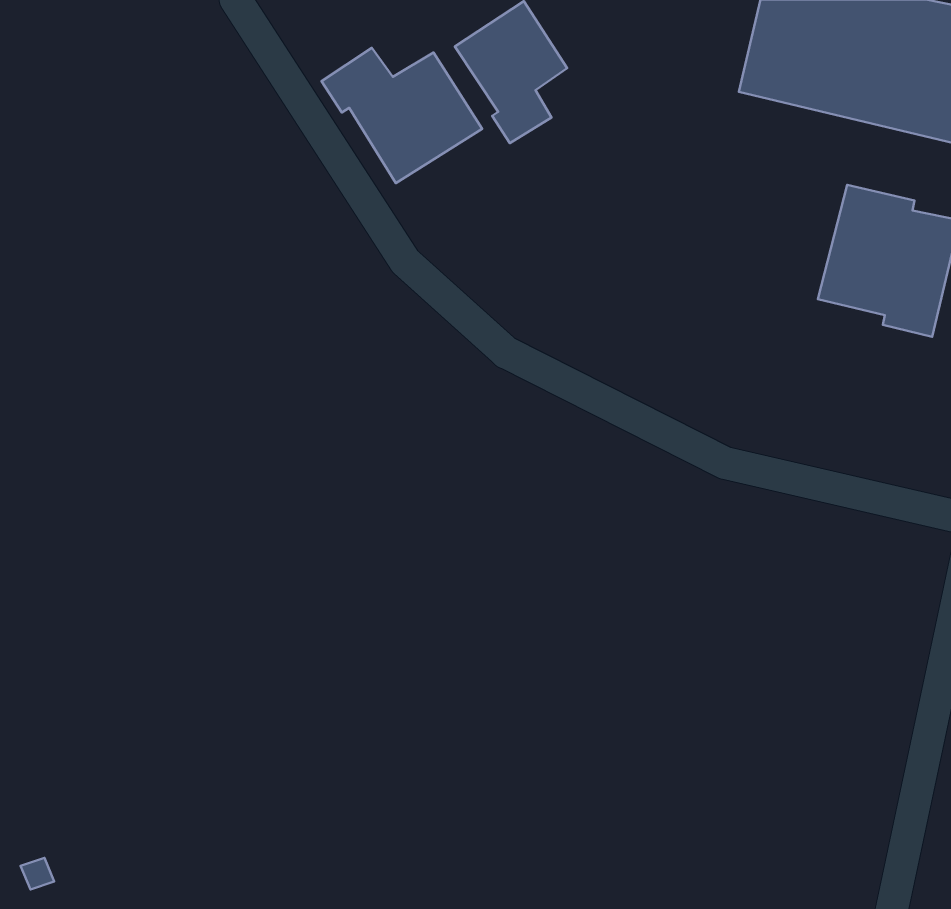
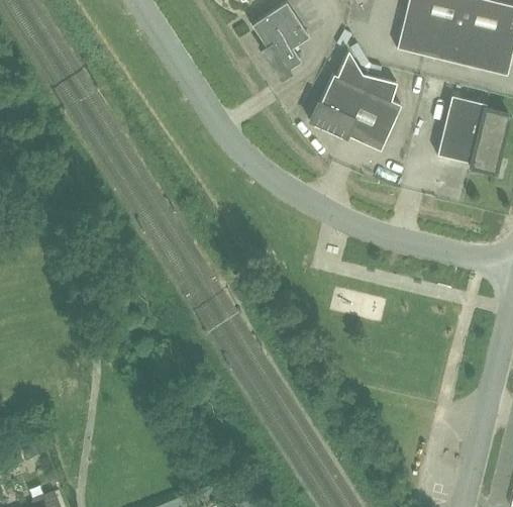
building: [322,48,482,183] -> none
building: none -> [310,49,402,149]

